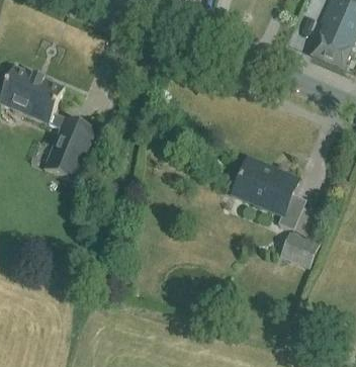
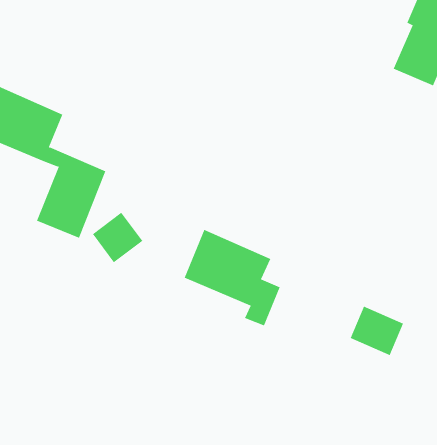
building: [233,158,305,231] -> [184,229,281,326]
building: none -> [92,212,143,263]

